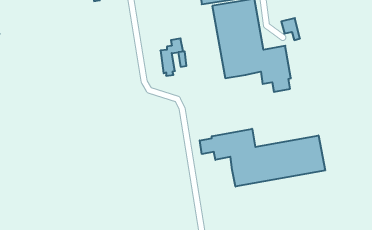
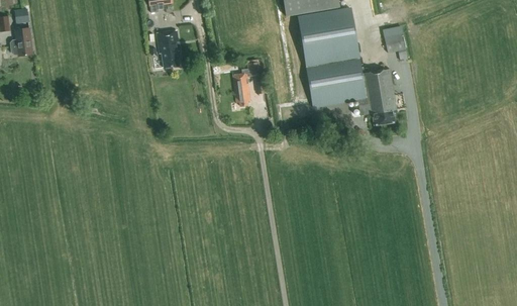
building: none -> [157,30,181,67]
building: [200,129,325,187] -> none

